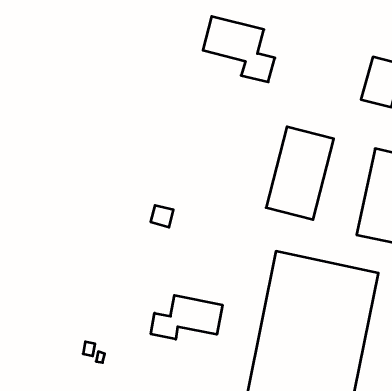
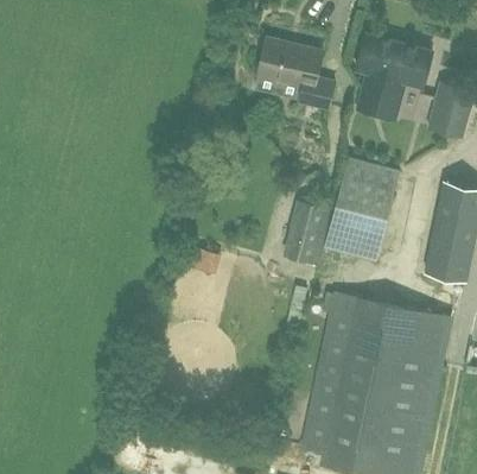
building: none -> [354,33,432,122]
building: none -> [288,203,332,265]
building: [151,295,222,339] -> none

